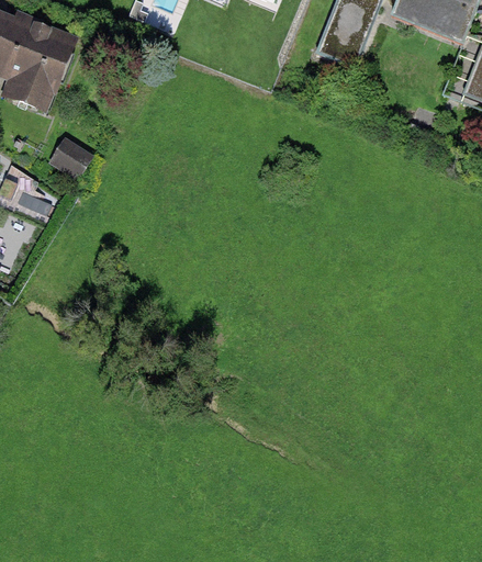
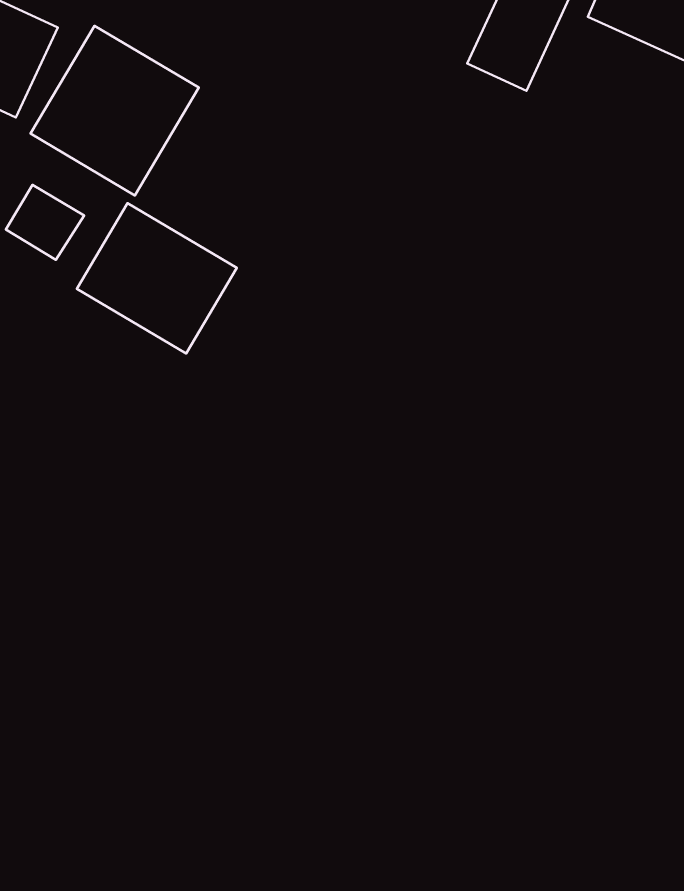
building: none -> [31,26,199,195]
building: none -> [77,203,237,354]

